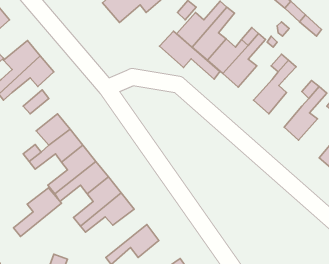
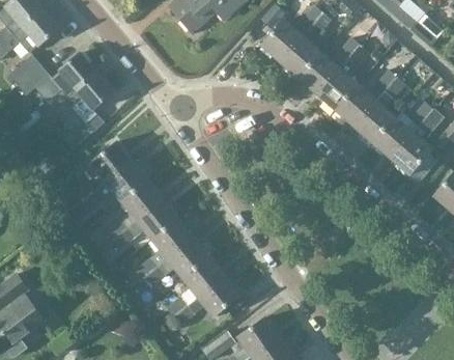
building: [159,31,220,79] -> none
building: none -> [335,84,376,126]
building: none -> [372,116,413,159]
building: [14,188,61,236] -> [166,258,224,317]

